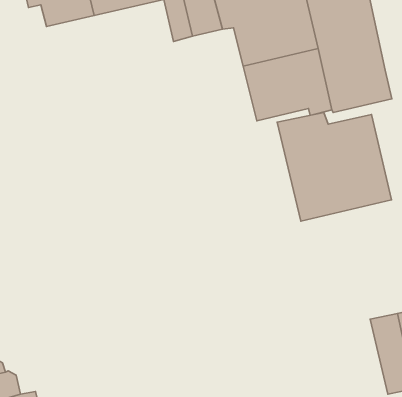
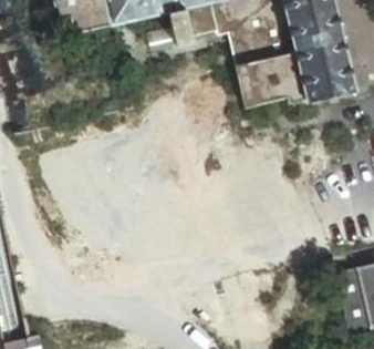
building: [277,113,392,221] -> none

